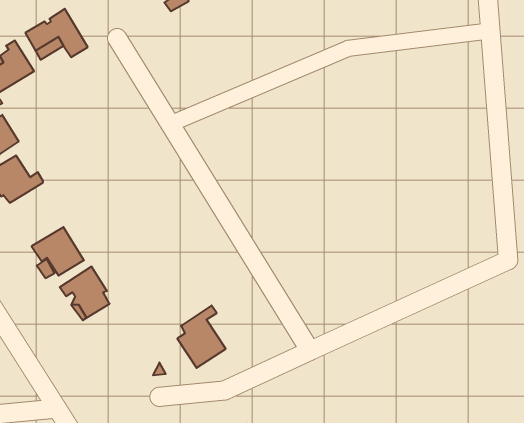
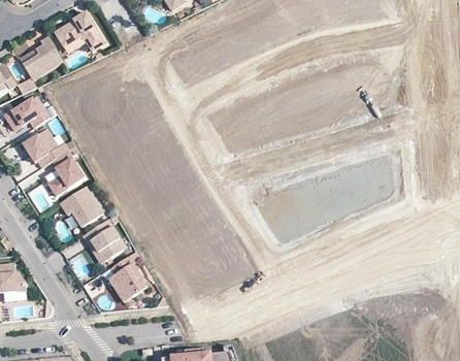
building: none -> [44,151,85,195]
building: [177,305,226,368] -> [108,251,147,301]

